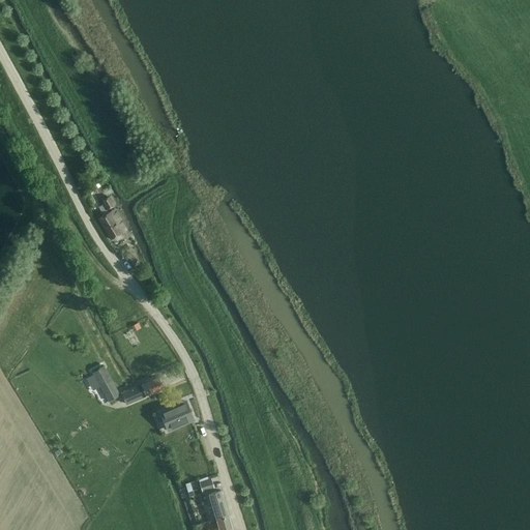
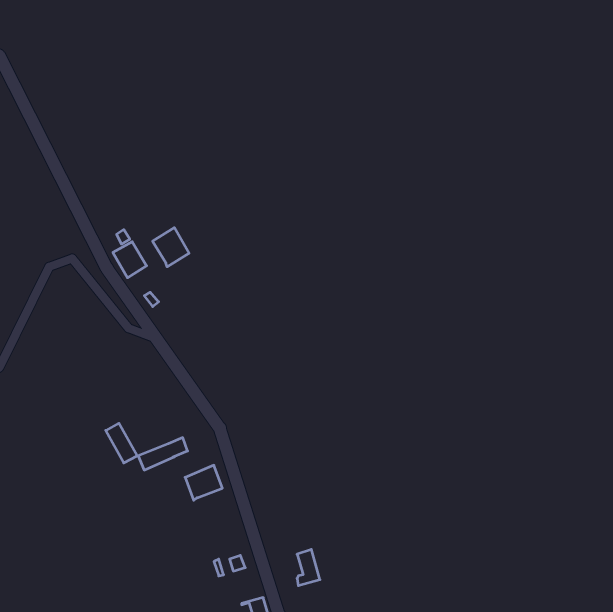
building: none -> [153,228,189,267]
building: [207,491,227,522] -> [297,549,320,586]

